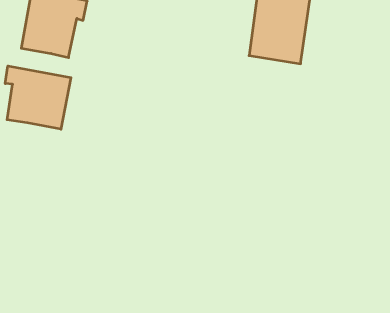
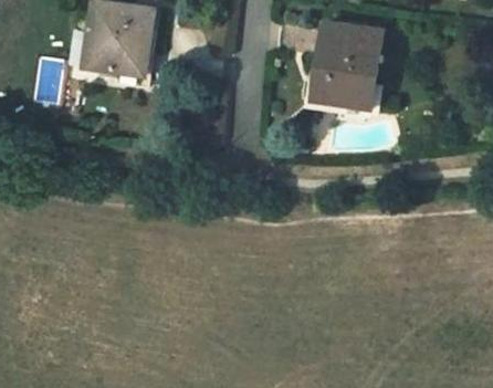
building: [5,66,71,129] -> none

